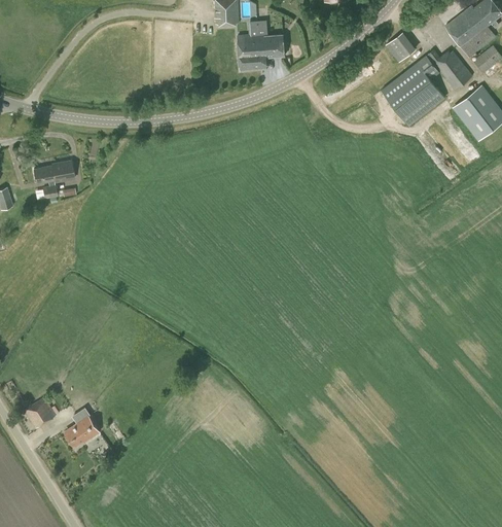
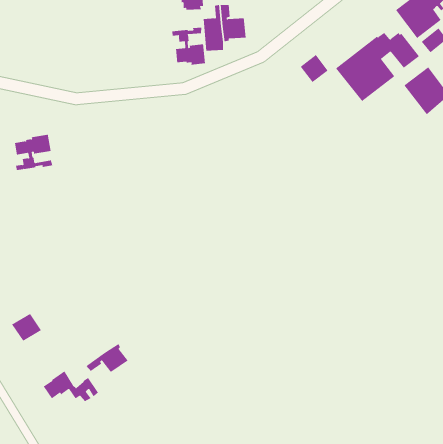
building: [385,31,416,62] -> [300,54,328,83]
building: none -> [172,27,205,65]
building: none -> [85,343,128,373]
building: [24,397,57,428] -> [11,313,42,342]

